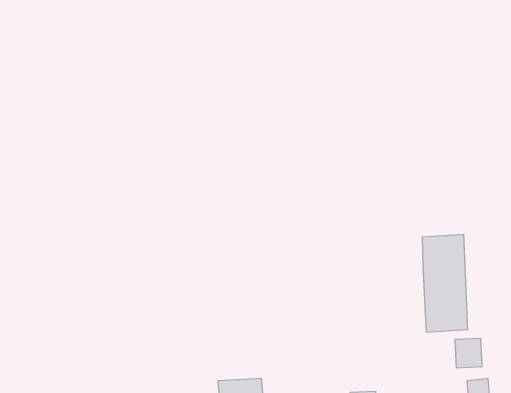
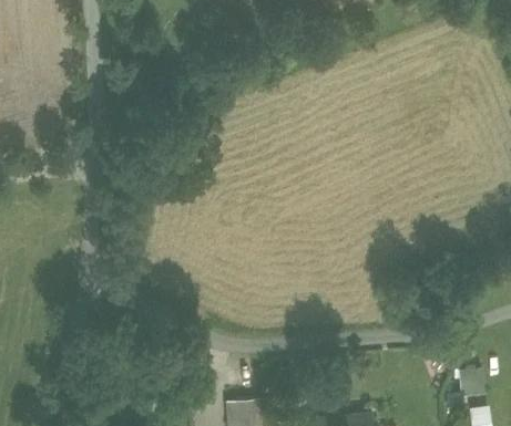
building: [423,234,467,332] -> none

